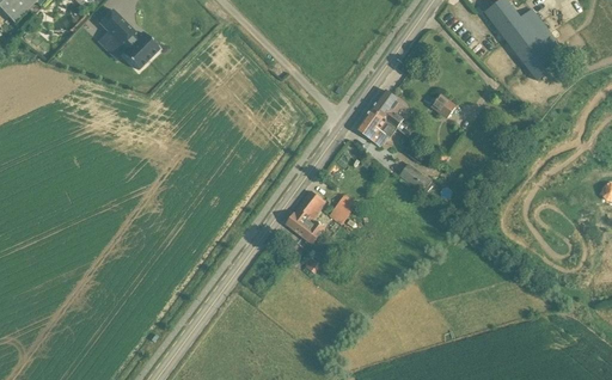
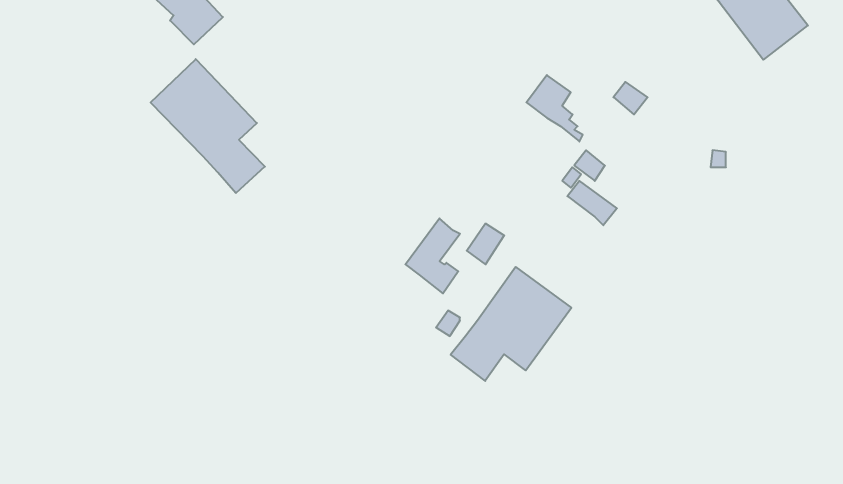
building: none -> [151,59,265,193]
building: [357,109,396,145] -> none
building: none -> [451,267,571,381]

